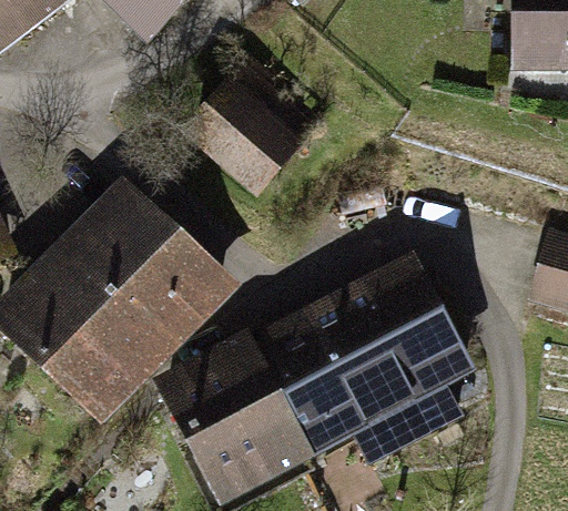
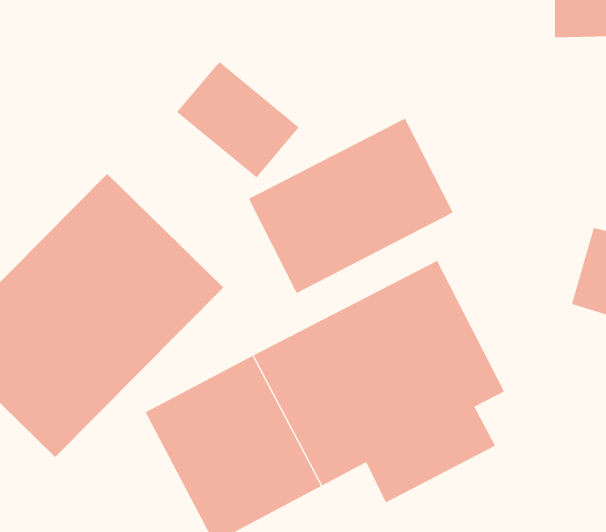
building: none -> [248,118,454,294]

